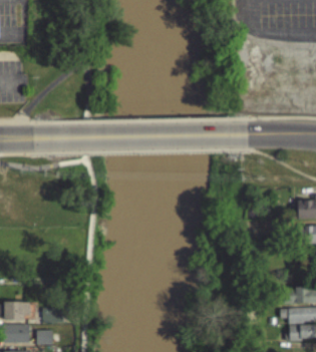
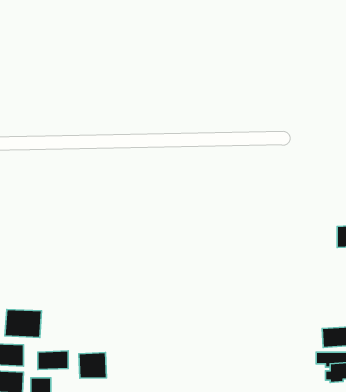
building: none -> [5,310,42,337]
building: none -> [79,353,107,378]

